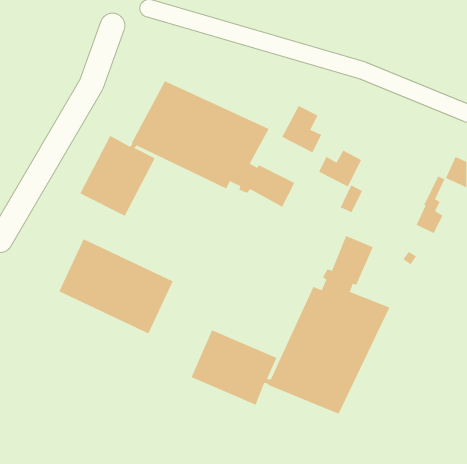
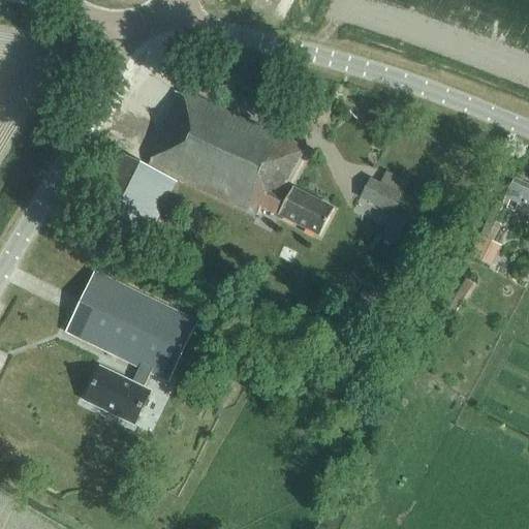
building: [281,105,322,153] -> none
building: [191,235,390,415] -> none
building: none -> [85,366,151,423]

